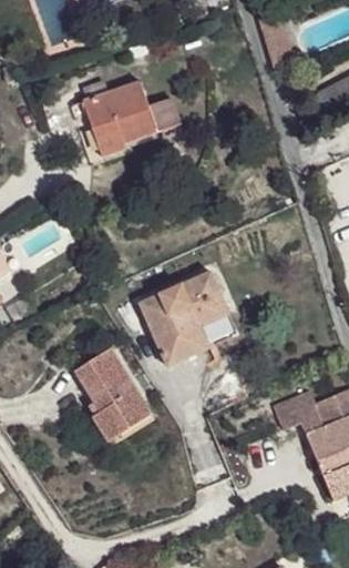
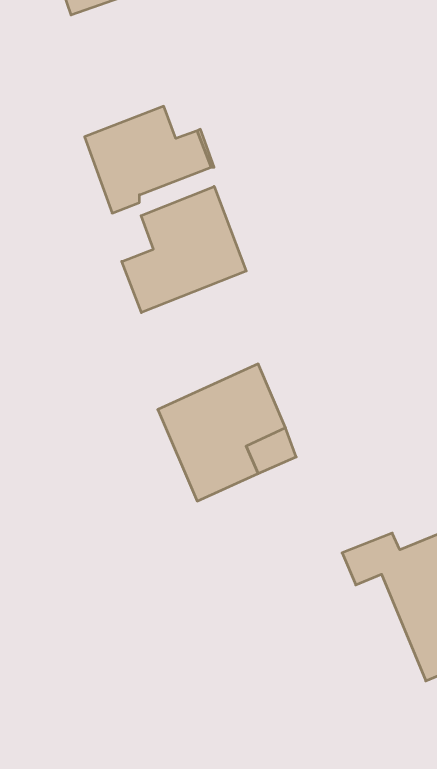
building: none -> [122,186,246,313]
building: [72,346,152,433] -> none

